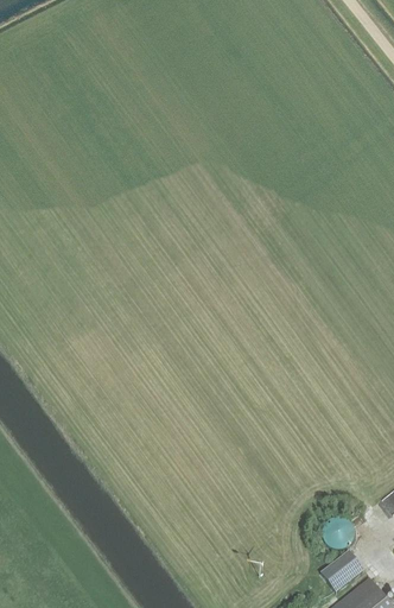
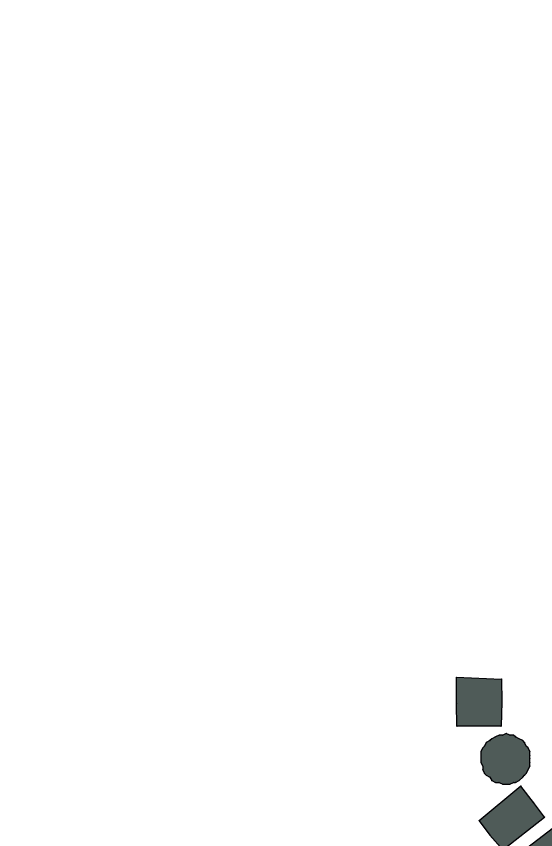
building: none -> [457,677,502,726]

